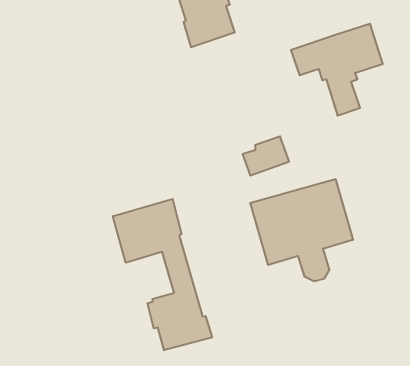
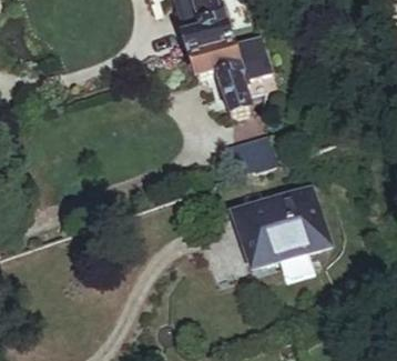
building: [291,24,383,116] -> [193,40,274,121]
building: [113,199,212,350] -> none

